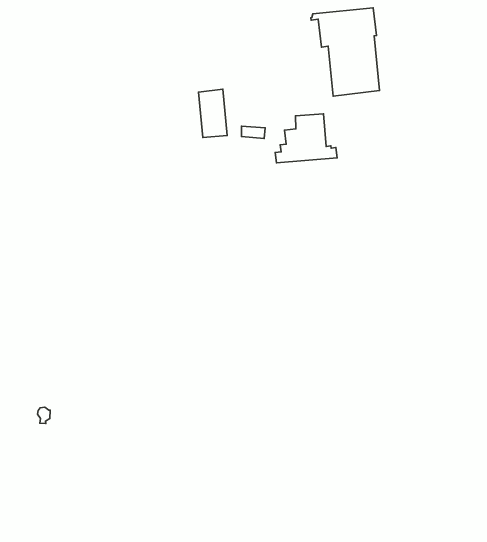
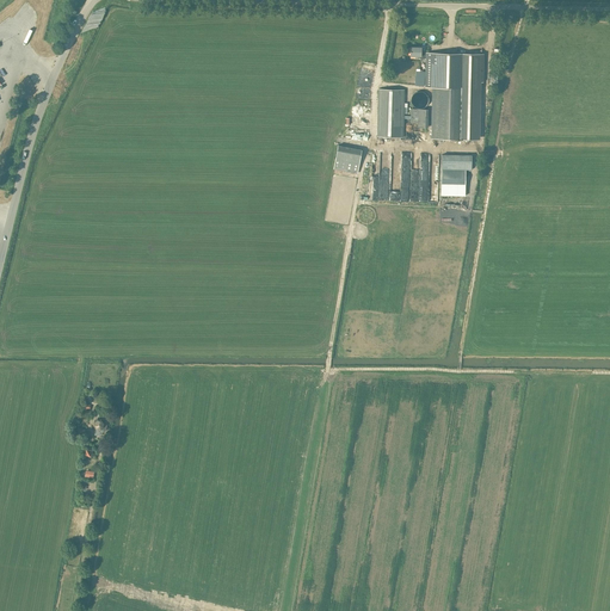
building: [198,89,227,137] -> [377,90,403,137]
building: none -> [442,155,472,184]

